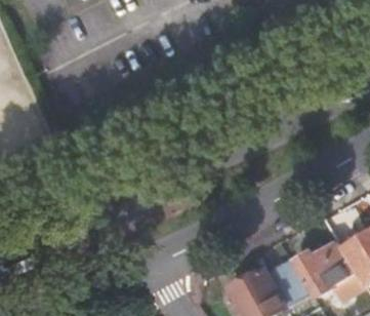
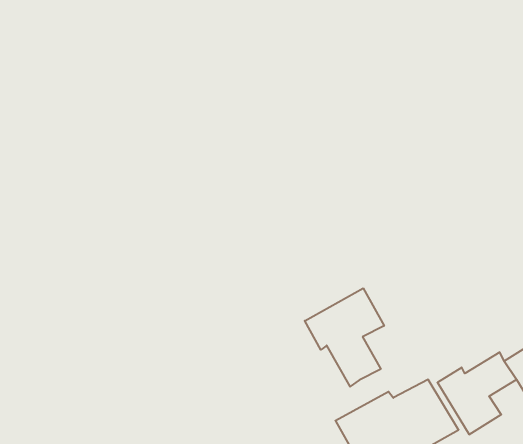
building: none -> [305,288,384,387]

